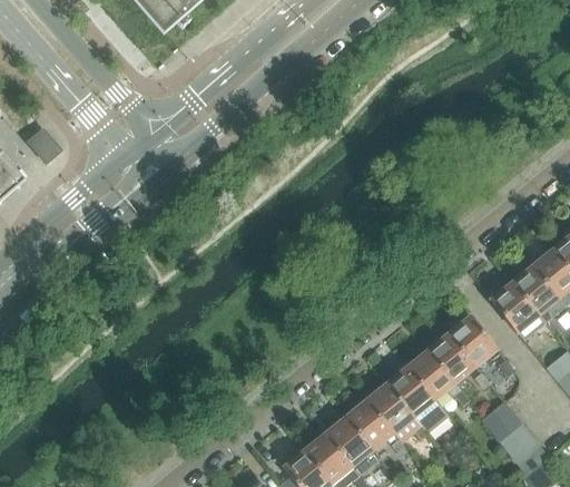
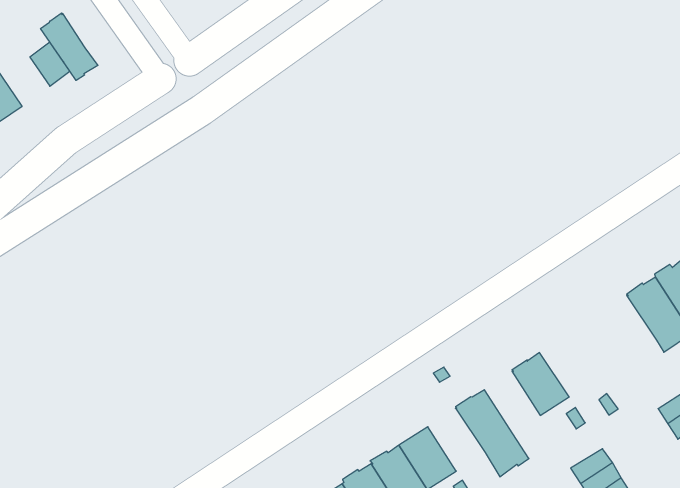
building: none -> [41,13,98,80]
building: [490,281,539,331] -> none
building: [448,315,499,364] -> none
building: [407,349,469,405] -> none
building: [367,382,428,437] -> none

